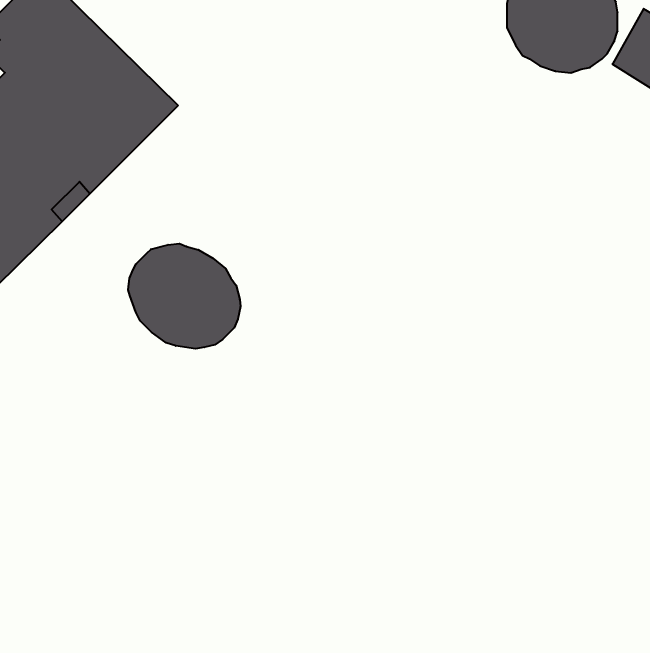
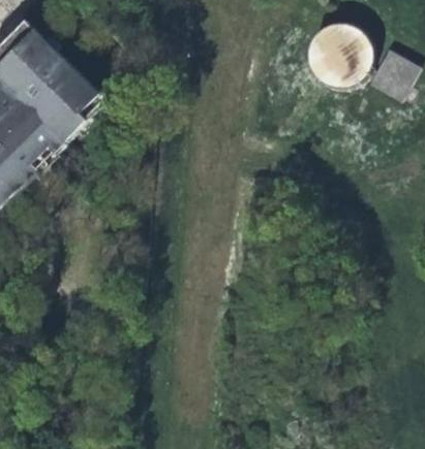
building: [128,244,240,349] -> none

